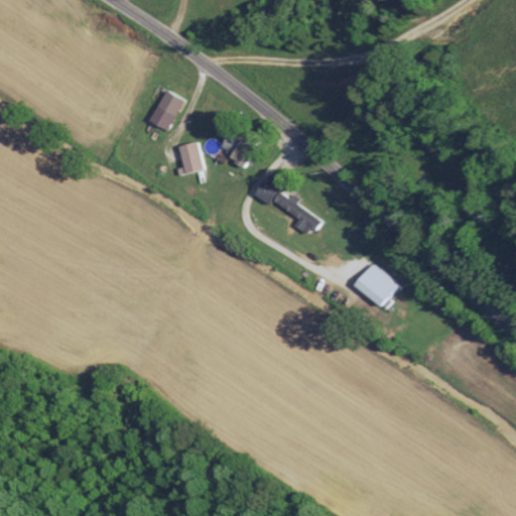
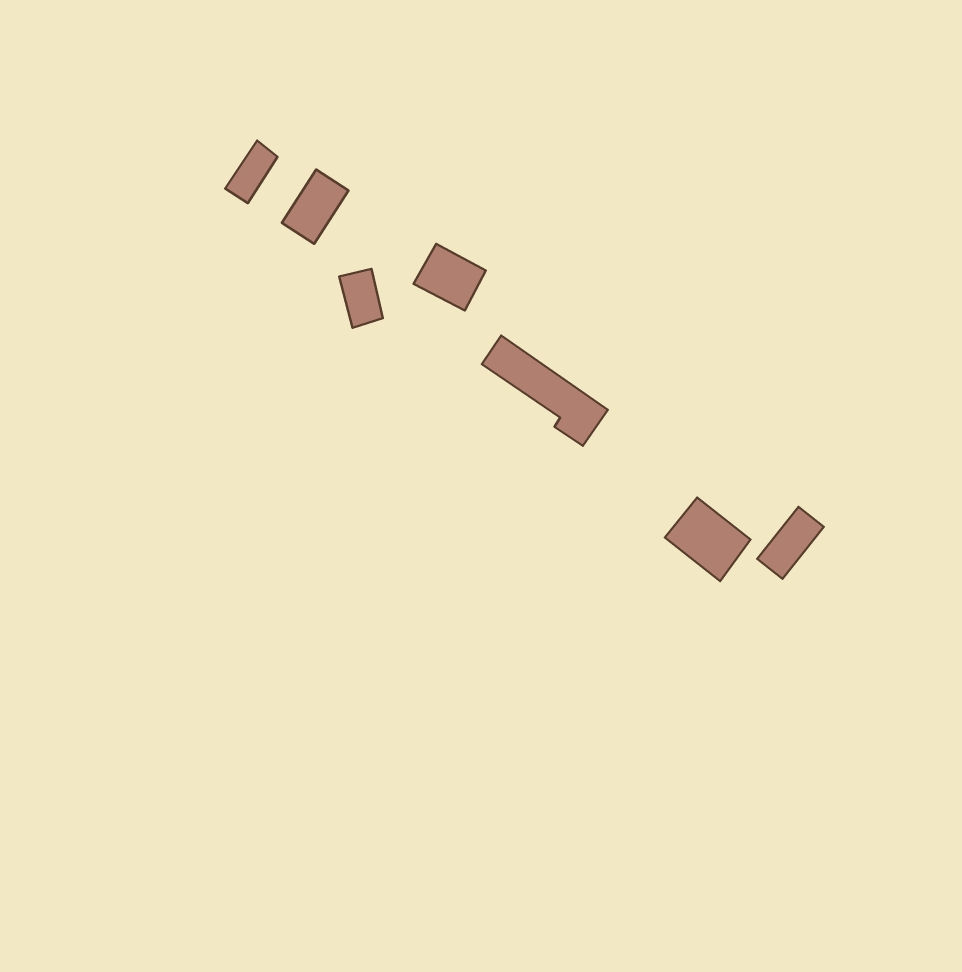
building: none -> [225,141,278,203]
building: none -> [757,507,824,579]

